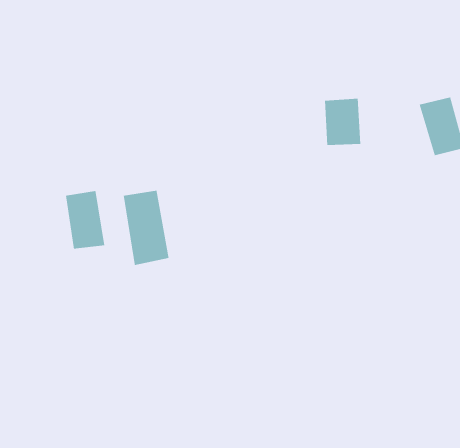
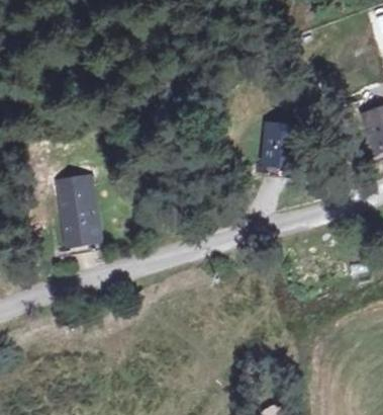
building: [123,190,169,266] -> none

